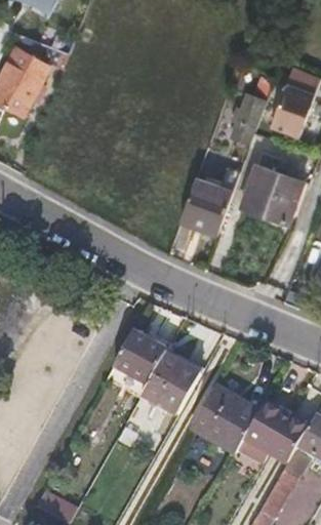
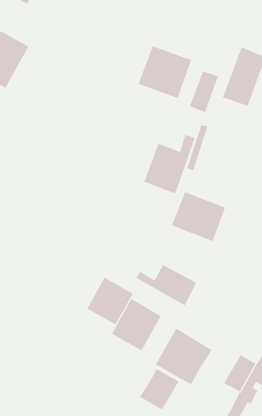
building: none -> [138,46,192,99]
building: [241,163,304,220] -> [171,192,226,242]
building: none -> [136,264,197,306]
building: [244,402,290,450] -> [139,368,179,410]

